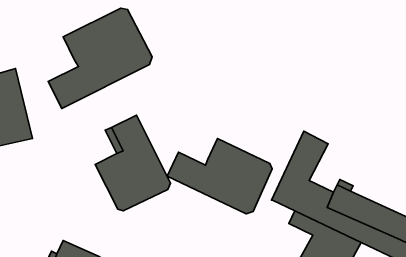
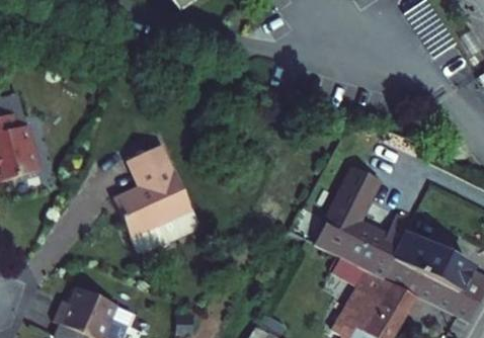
building: [48,8,152,108] -> none
building: [167,139,272,214] -> none

